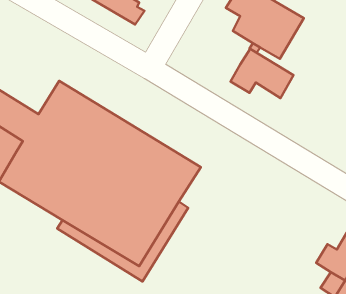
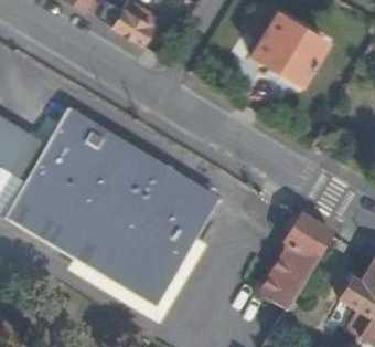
building: [230,49,294,98] -> none
building: none -> [262,214,332,308]

